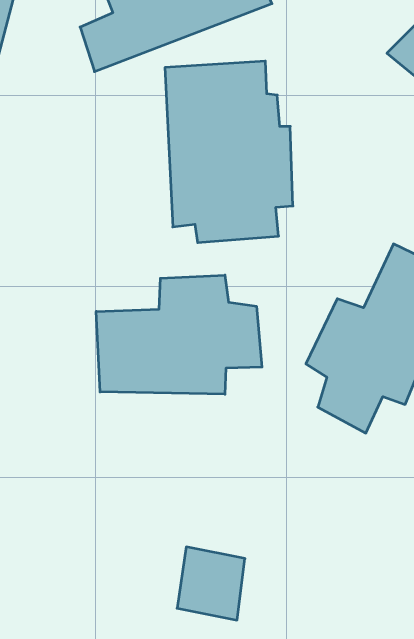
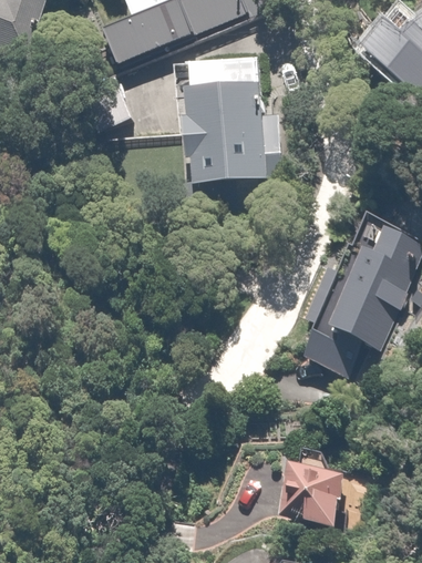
building: [96,275,262,394] -> none
building: [177,547,245,620] -> [285,463,342,525]

